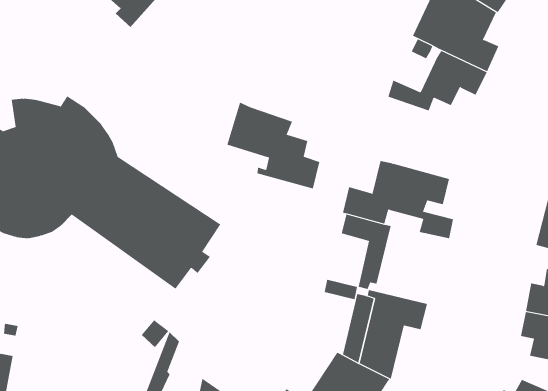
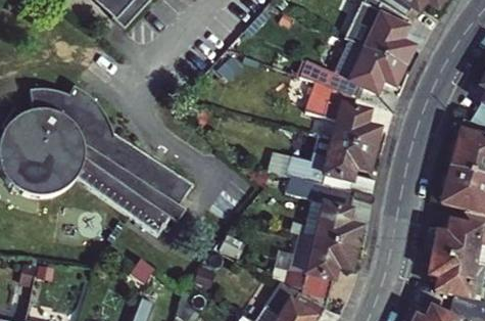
building: [226,102,320,189] -> [305,81,379,149]
building: none -> [309,186,361,247]

